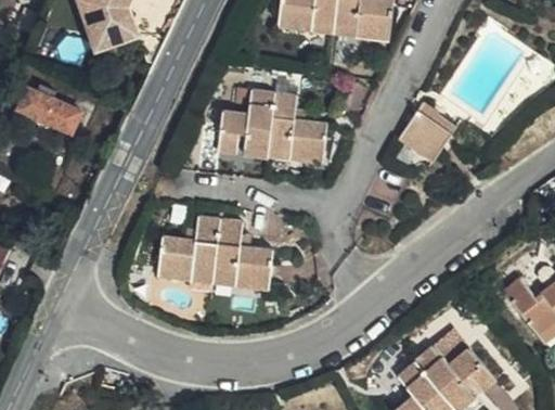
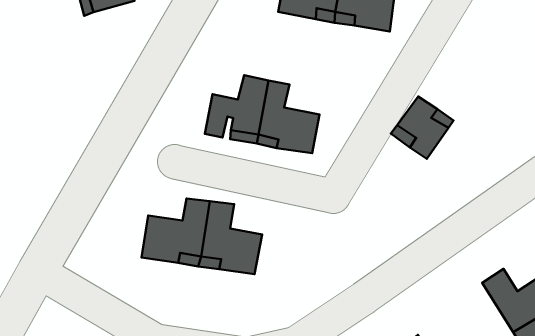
building: [21,89,81,133] -> none

